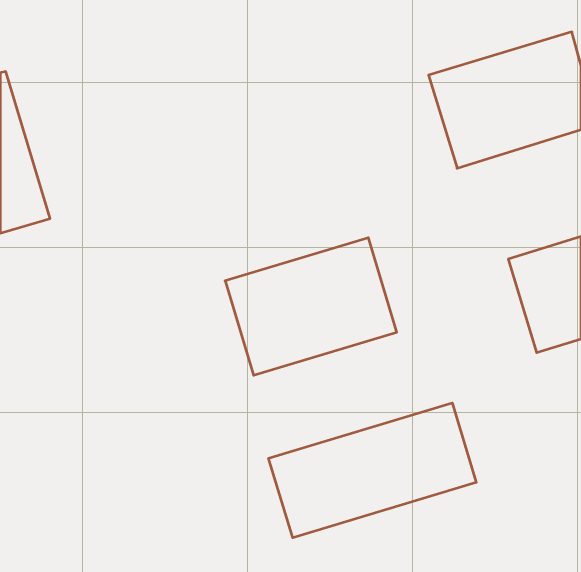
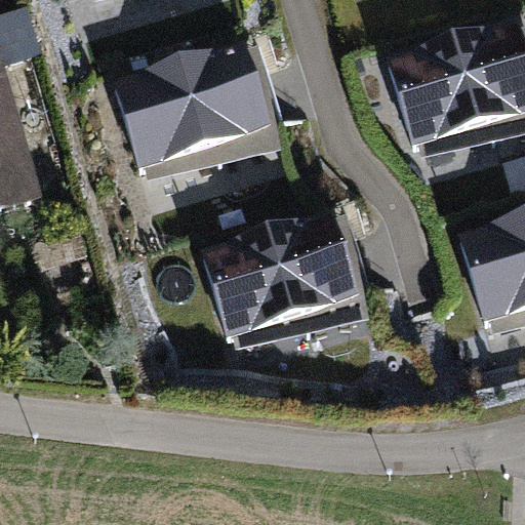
building: none -> [113,48,268,172]
building: [269,403,476,538] -> none

